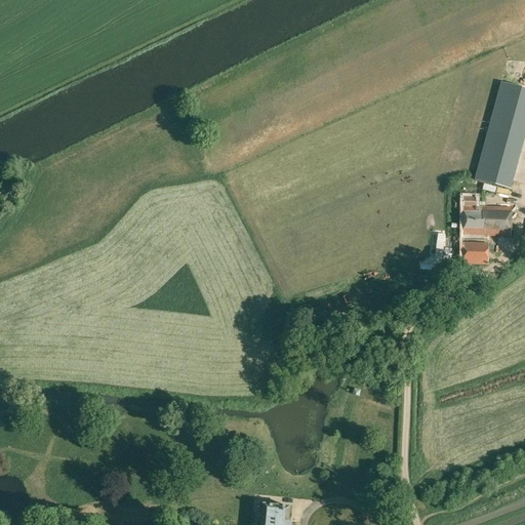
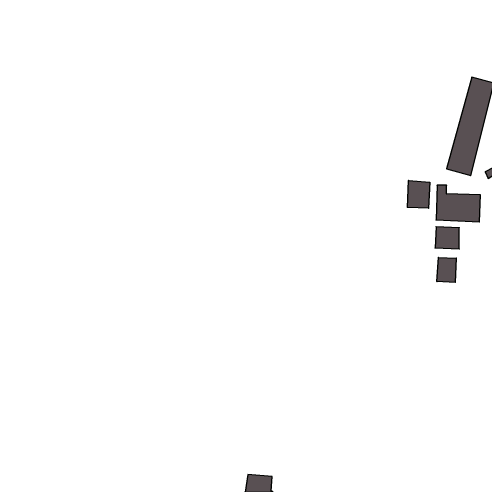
building: none -> [407,180,430,208]
building: none -> [437,257,456,282]

